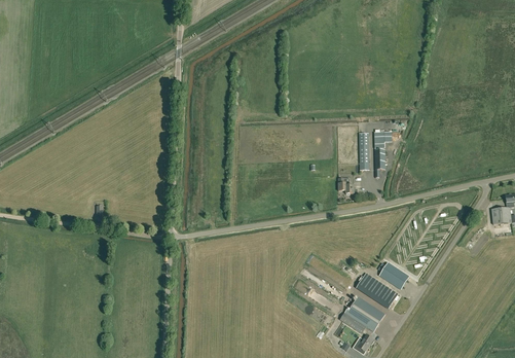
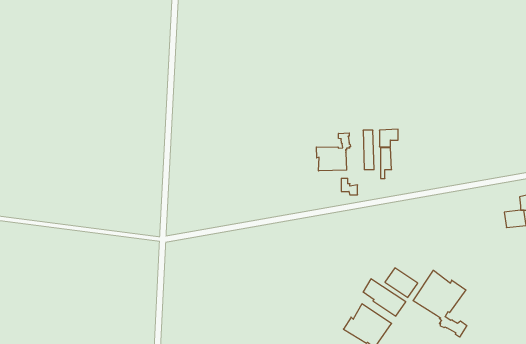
building: none -> [317,133,351,171]
building: none -> [413,270,467,337]

